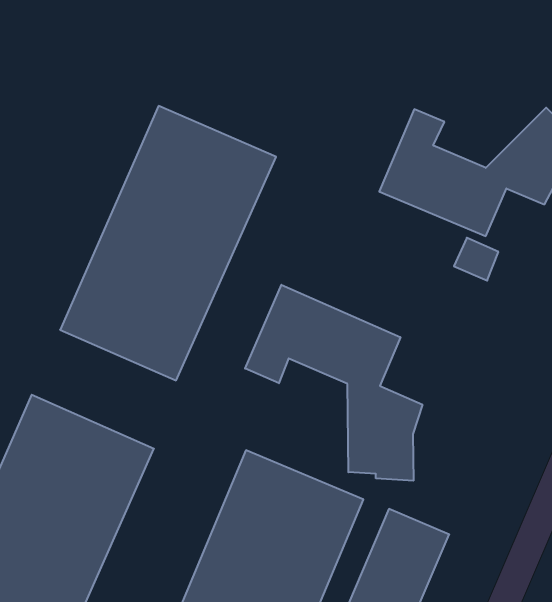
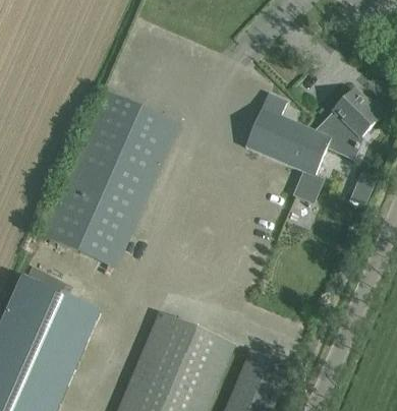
building: [245,285,422,481] -> none

